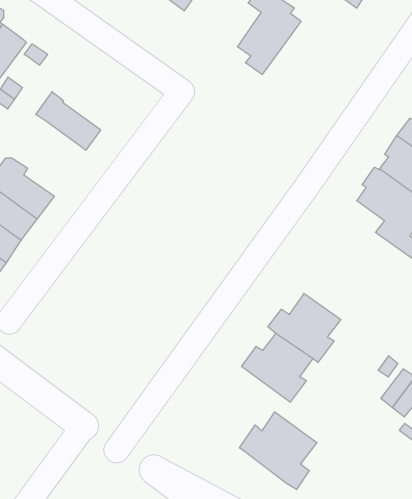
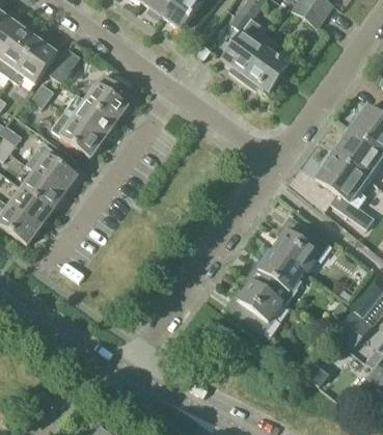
building: none -> [241,38,288,92]
building: none -> [84,74,130,124]
building: none -> [51,111,103,158]
building: none -> [273,217,328,272]
building: [239,412,317,490] -> none

